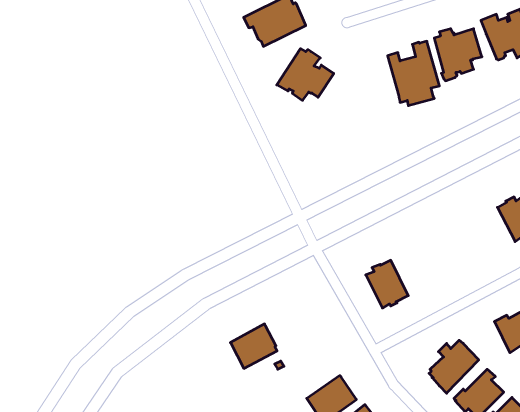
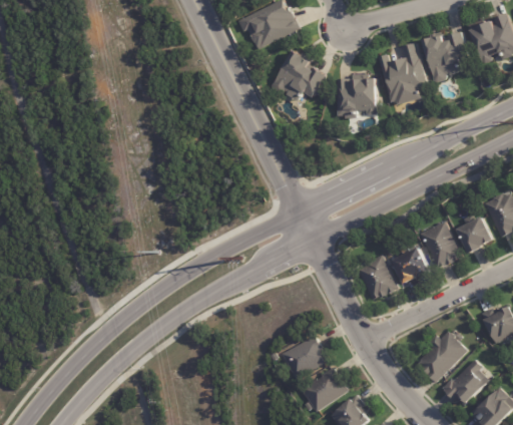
building: none -> [337,74,378,118]
building: none -> [457,214,493,254]
building: none -> [419,222,462,269]
building: none -> [393,245,430,283]
building: [230,324,277,368] -> [282,334,327,377]

